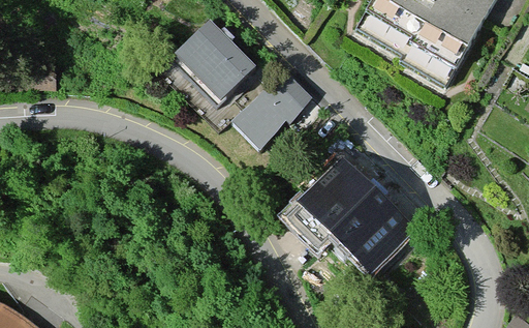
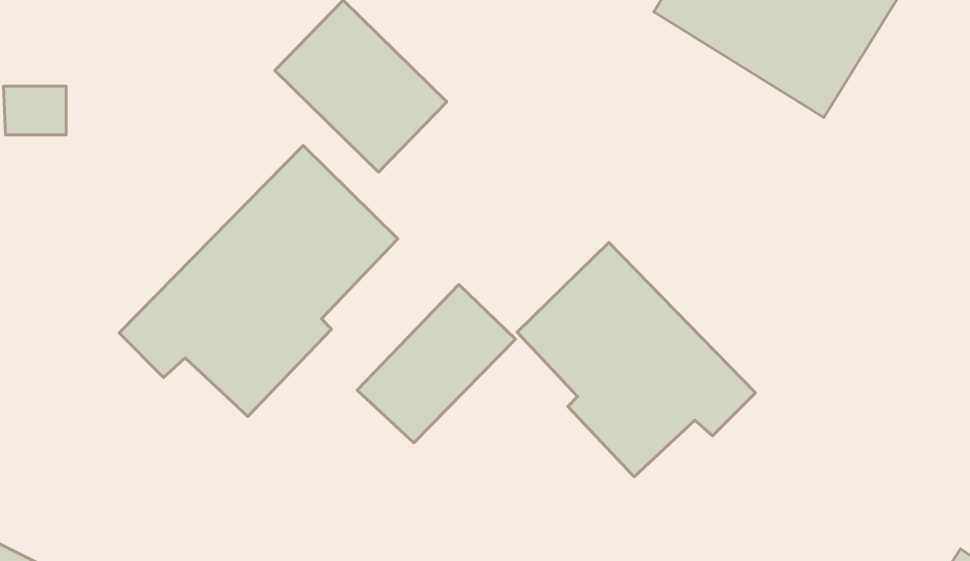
building: [234,67,317,151] -> [357,285,515,443]
building: none -> [119,145,398,416]

